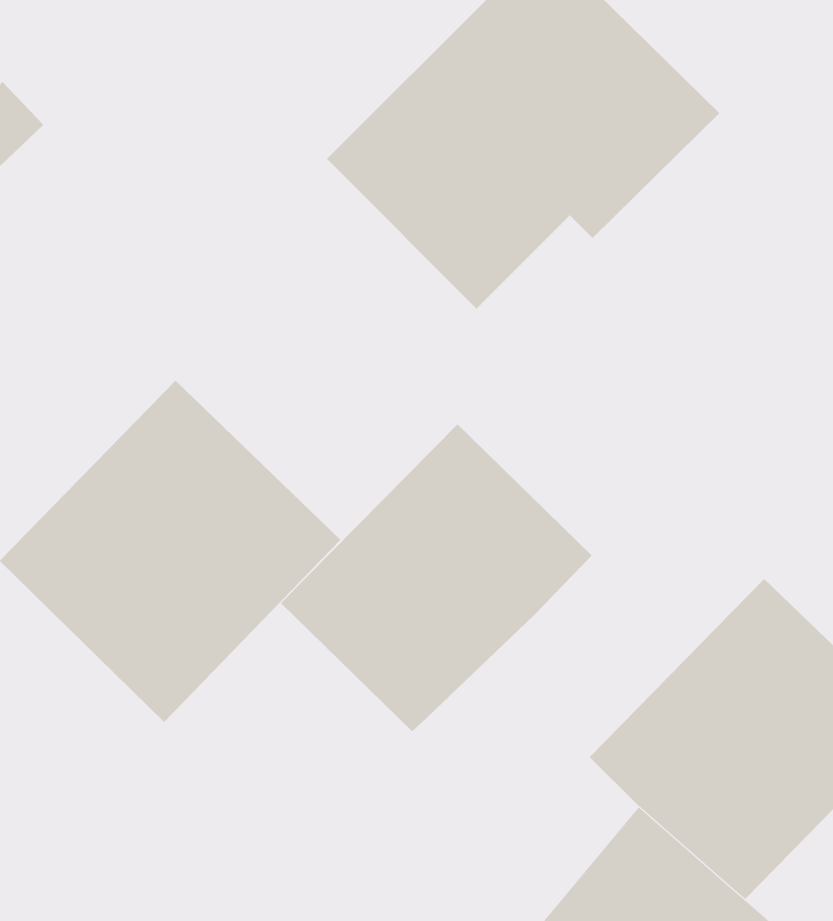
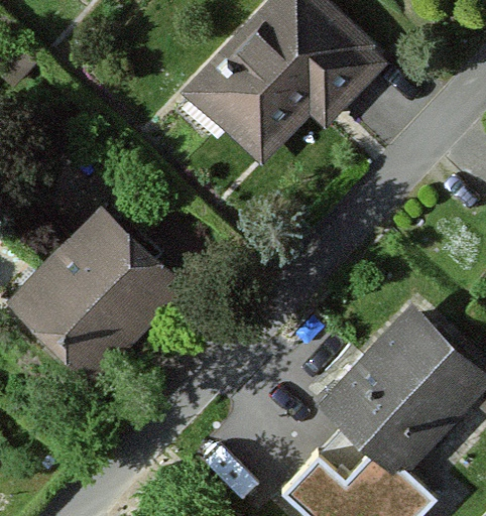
building: [280,423,593,732] -> none

